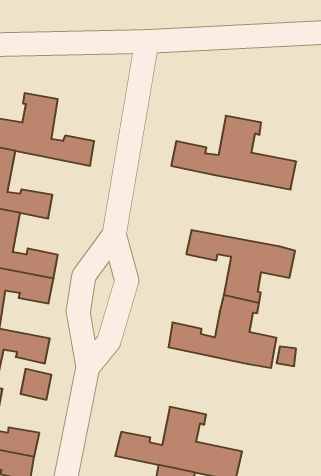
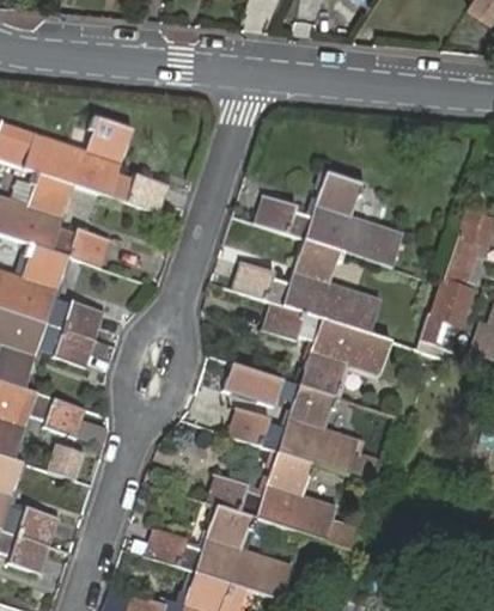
building: none -> [232,238,382,332]
building: none -> [221,360,298,404]
building: none -> [207,452,331,540]

